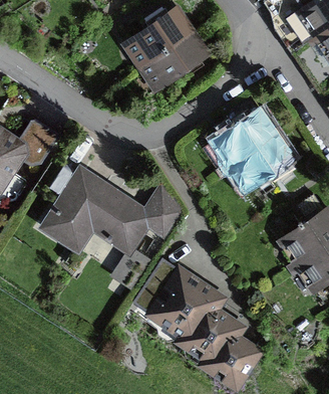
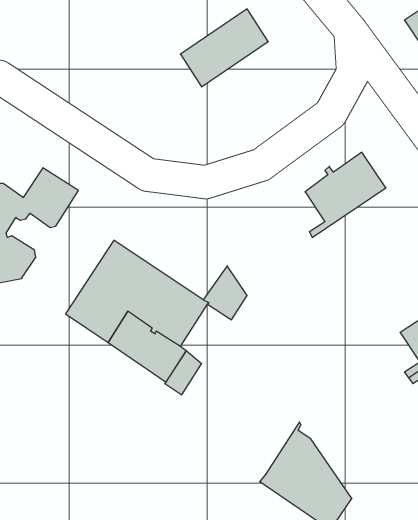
building: [143,30,207,84] -> none
building: [222,134,291,187] -> none
building: [151,267,213,337] -> none

